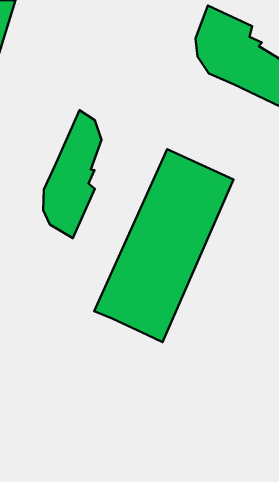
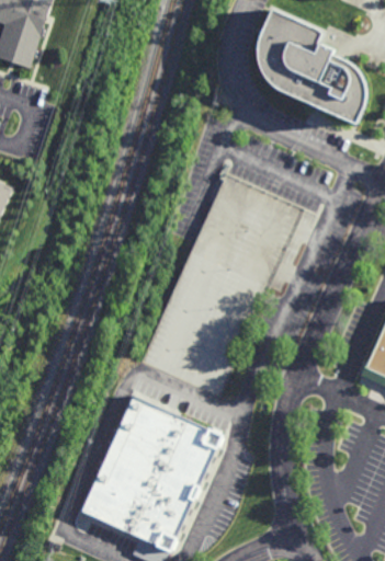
building: [43,110,101,238] -> none
building: none -> [79,396,222,549]

